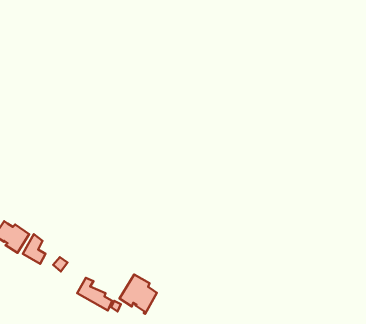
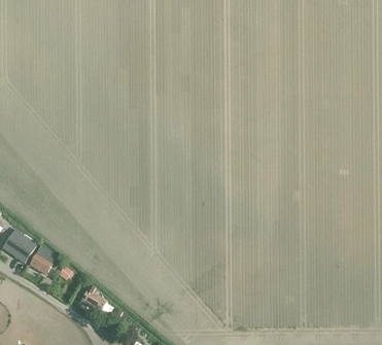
building: [119,274,157,314] -> none

